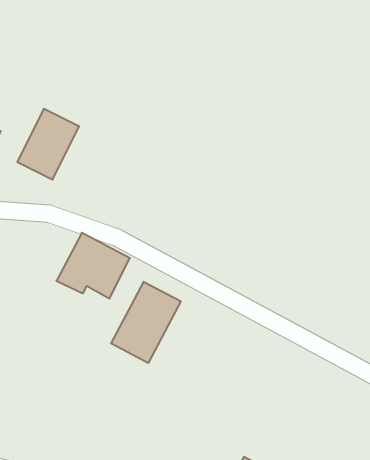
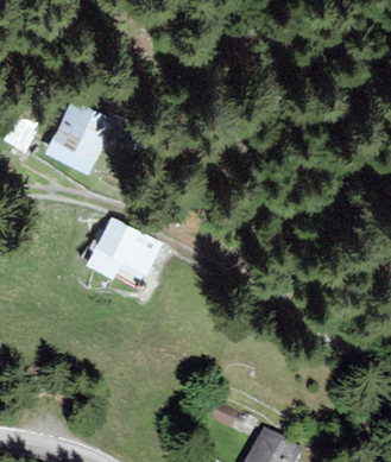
building: [111,282,181,363] -> none

